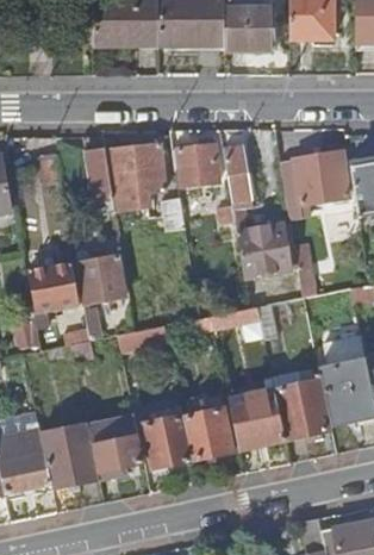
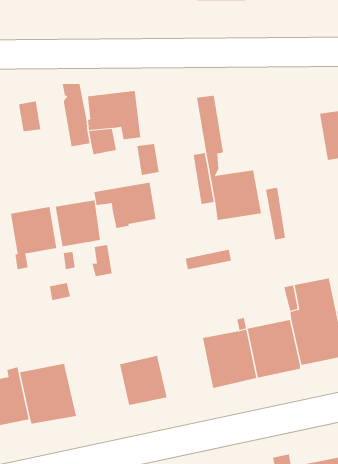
building: [176,137,219,185] -> none
building: [280,151,349,205] -> none
building: none -> [94,182,156,229]
building: [183,409,233,460] -> none
building: [87,416,144,479] -> none

